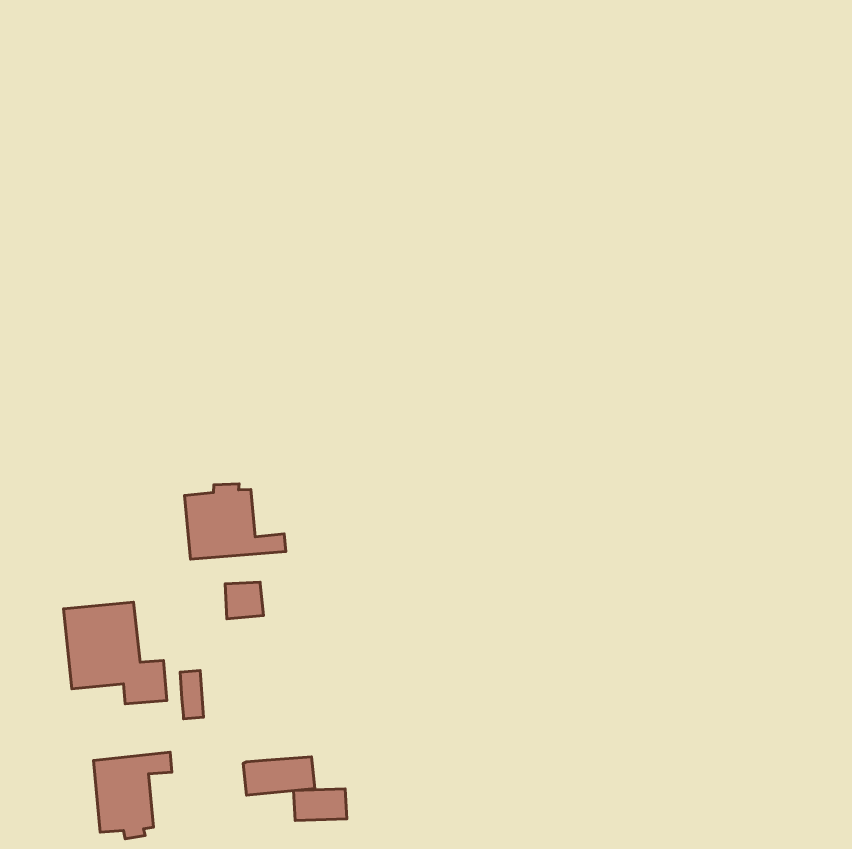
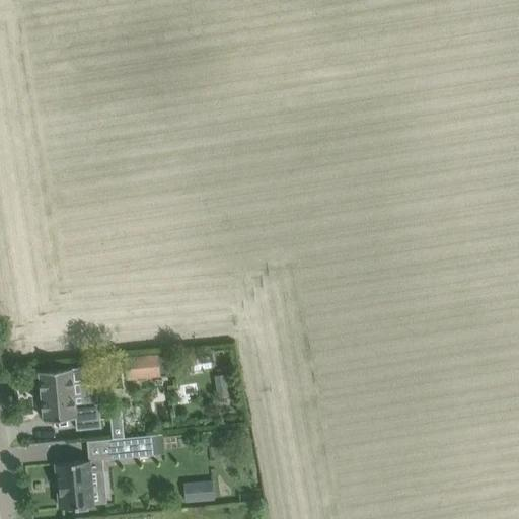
building: [185,484,286,559] -> none
building: [243,757,315,795] -> [109,436,153,459]

